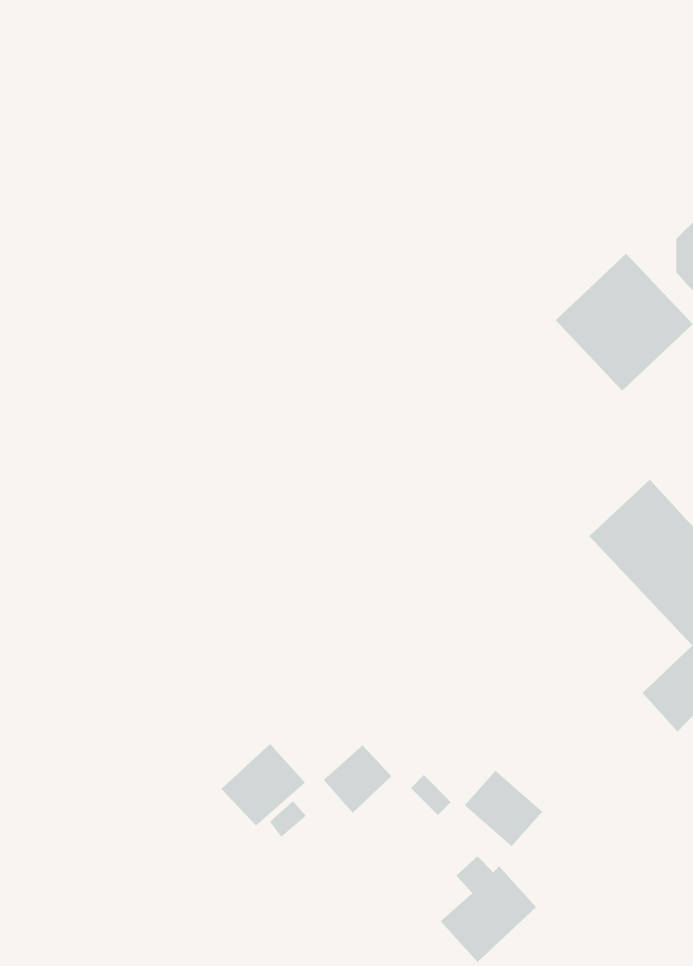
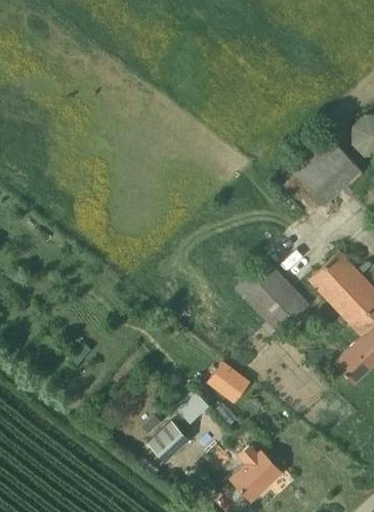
building: none -> [234,258,310,336]
building: [221,743,306,827] -> [147,420,191,463]
building: [464,770,543,847] -> [209,365,250,405]

